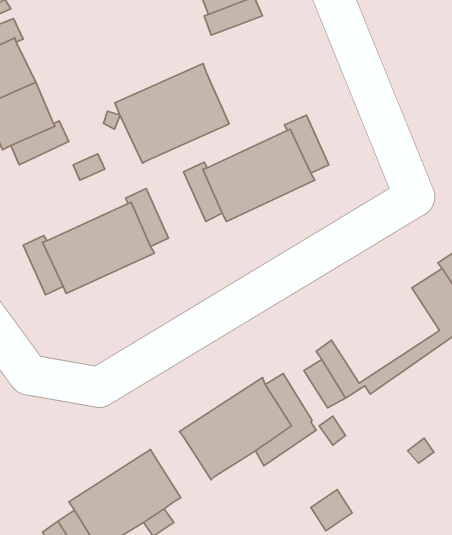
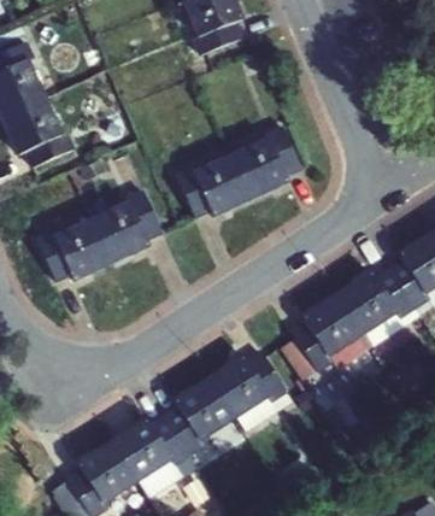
building: [115,64,229,163] -> none
building: none -> [301,271,399,359]
building: none -> [151,406,206,468]

